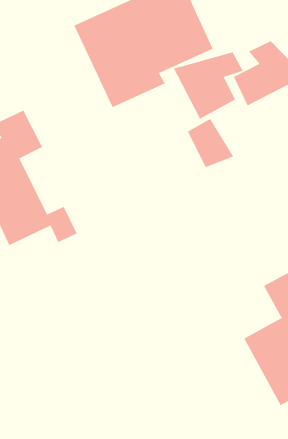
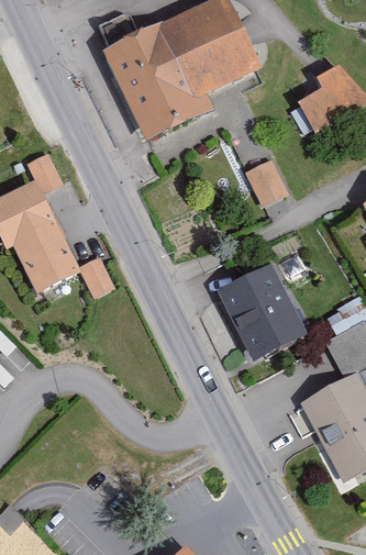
building: [173,52,244,120] -> none
building: none -> [220,266,308,362]

